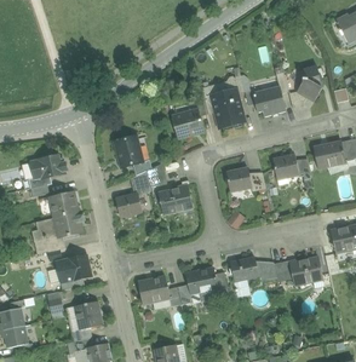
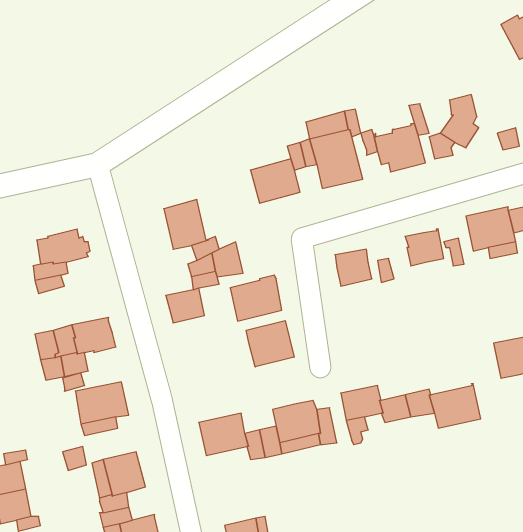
building: [48,190,77,217] -> none
building: none -> [246,321,294,367]

